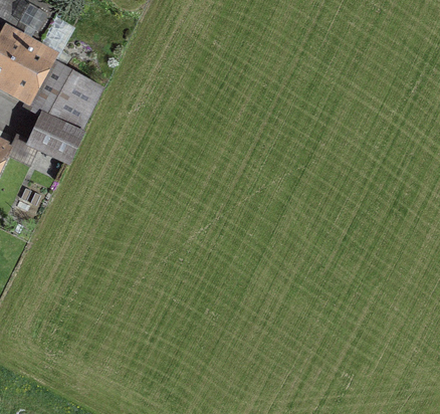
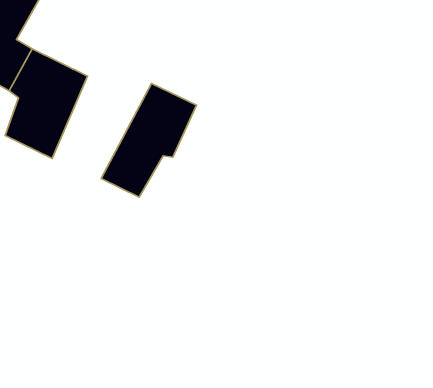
building: none -> [101,83,196,197]

